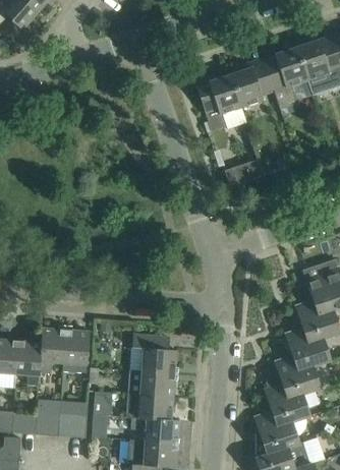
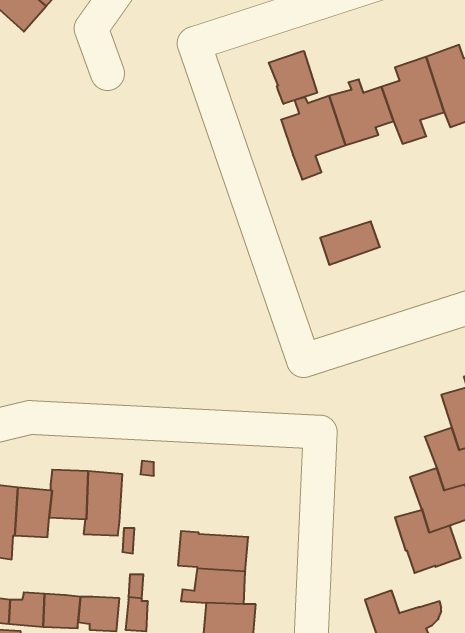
building: none -> [269,51,317,104]
building: [131,334,176,373] -> none
building: [264,383,317,425] -> none

